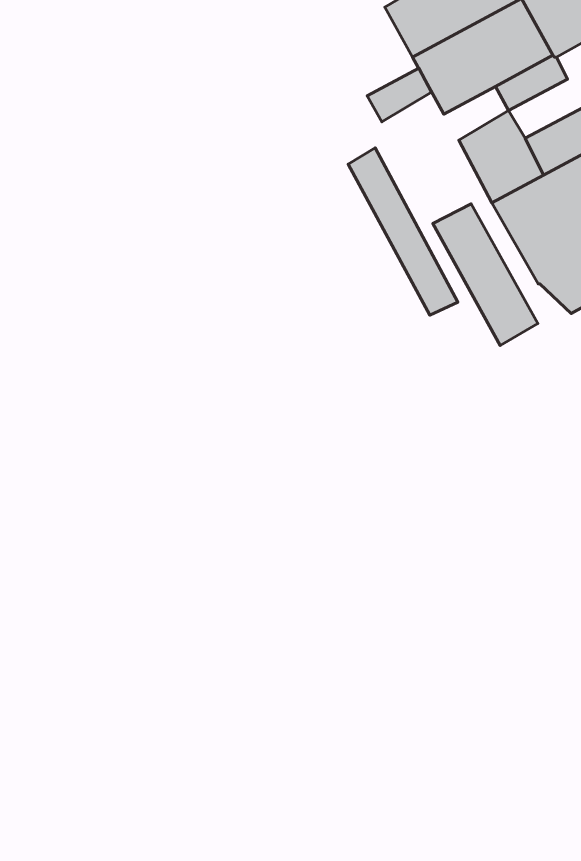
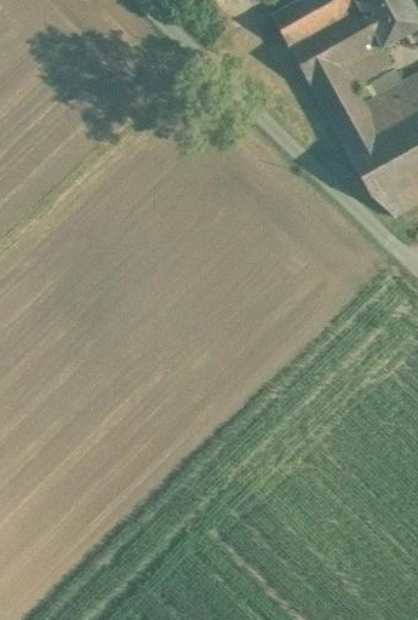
building: [367,68,432,122] -> [307,57,349,92]
building: [348,148,458,315] -> none
building: [433,204,538,346] -> none

